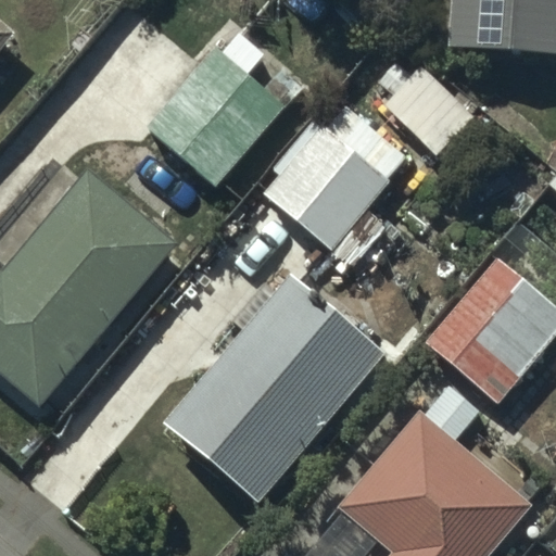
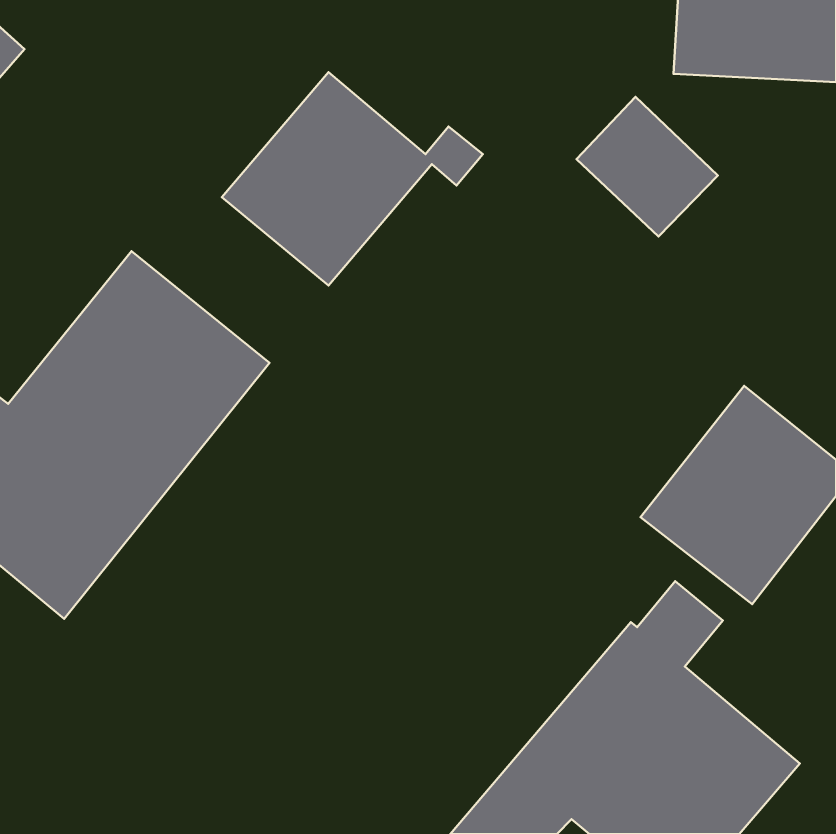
building: [265,101,408,261] -> none
building: [165,275,387,504] -> none

